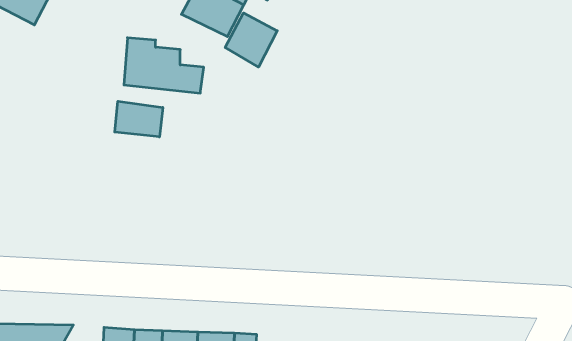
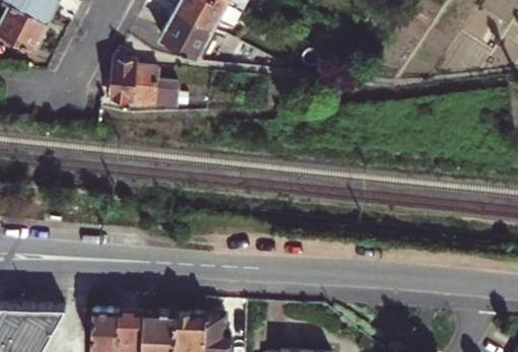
building: [225,13,277,67] -> none
building: [115,101,163,137] -> none

